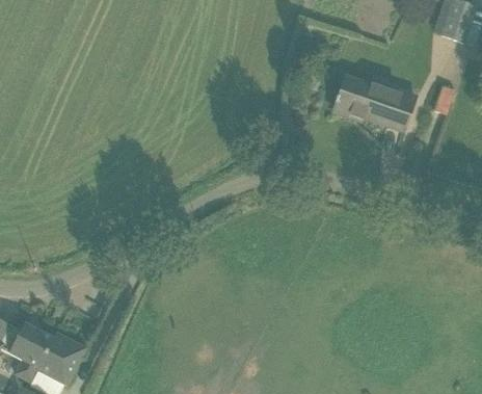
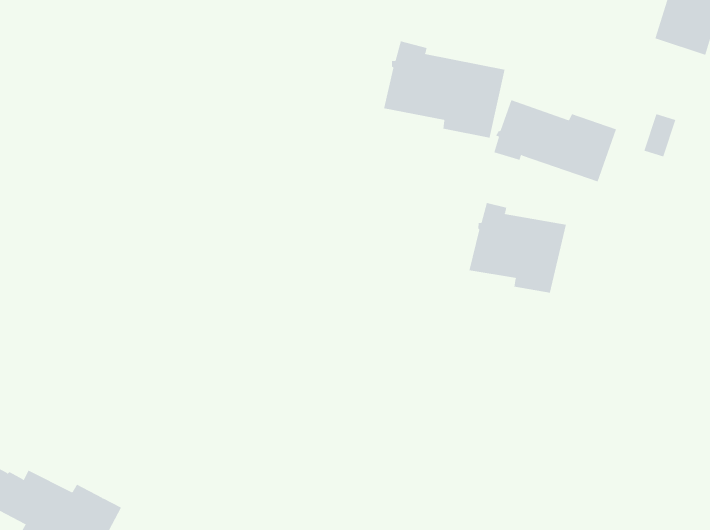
building: none -> [384,40,505,139]
building: none -> [469,202,567,294]

